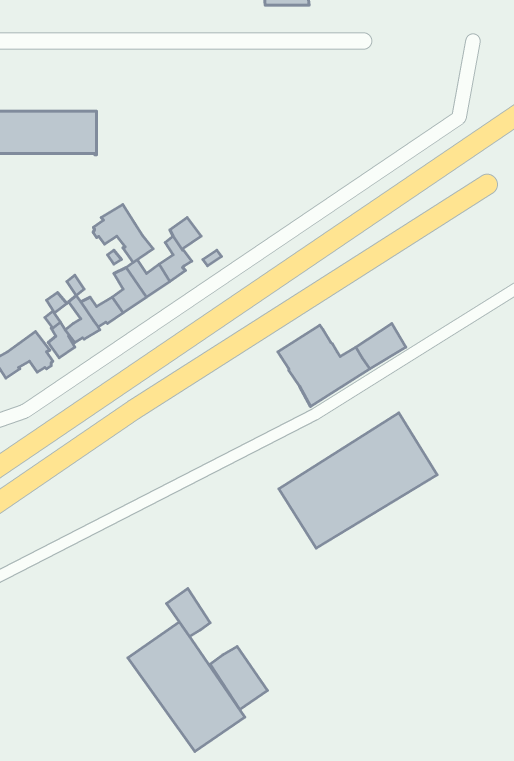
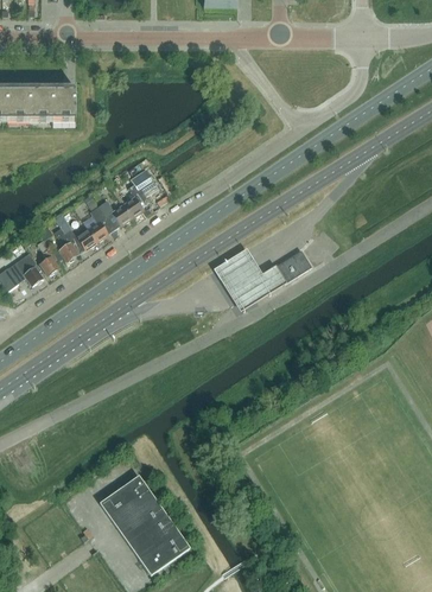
building: [93,204,153,262] -> none
building: [279,413,437,548] -> none
building: [167,589,210,636] -> none
building: [210,647,267,710] -> none

